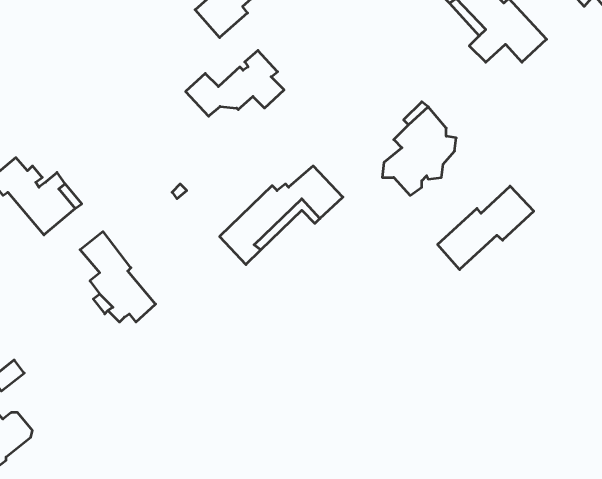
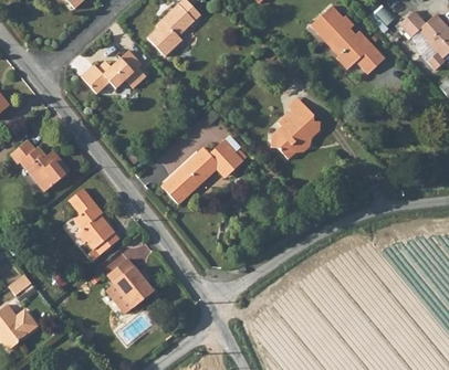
building: [186,50,284,116] -> [79,52,145,96]
building: [438,186,534,270] -> none
building: none -> [106,256,154,311]

